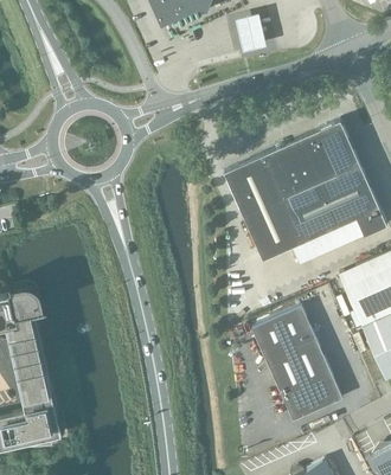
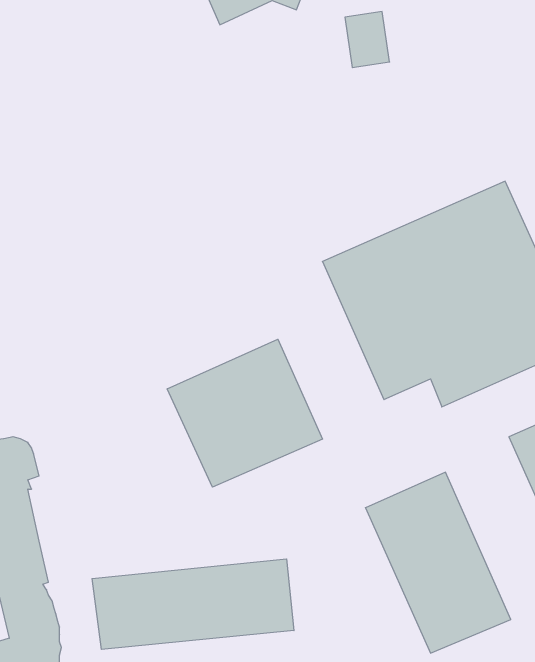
building: none -> [167,339,322,487]
building: none -> [92,559,294,649]

